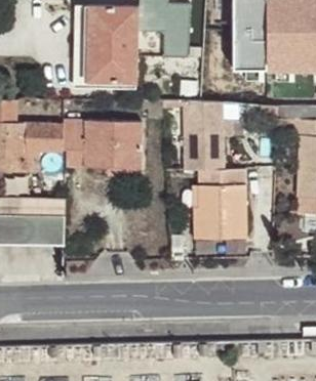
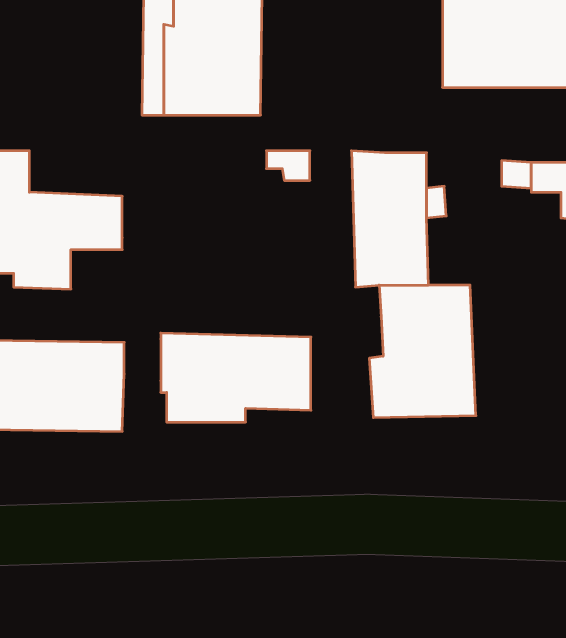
building: [65,122,143,168] -> [161,333,311,422]

